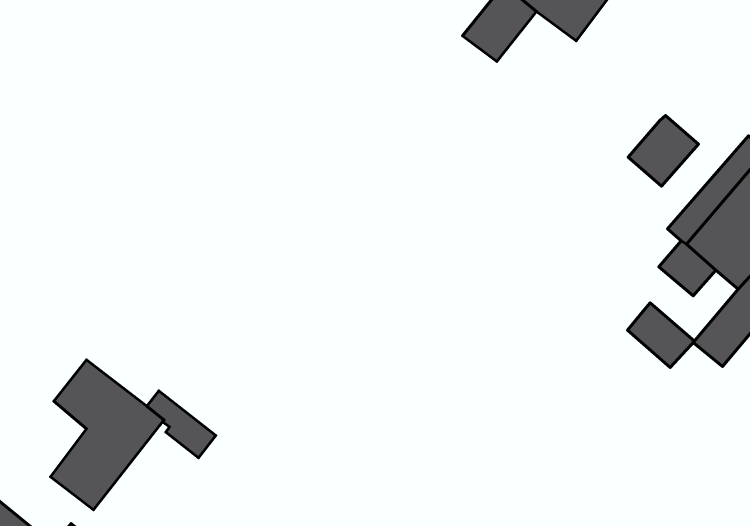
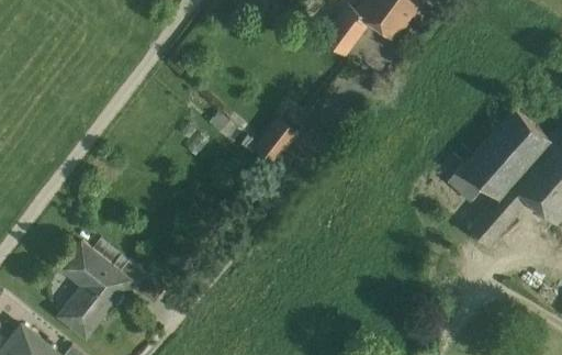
building: [628,115,699,186] -> none
building: none -> [254,117,297,165]
building: [628,303,694,367] -> none

